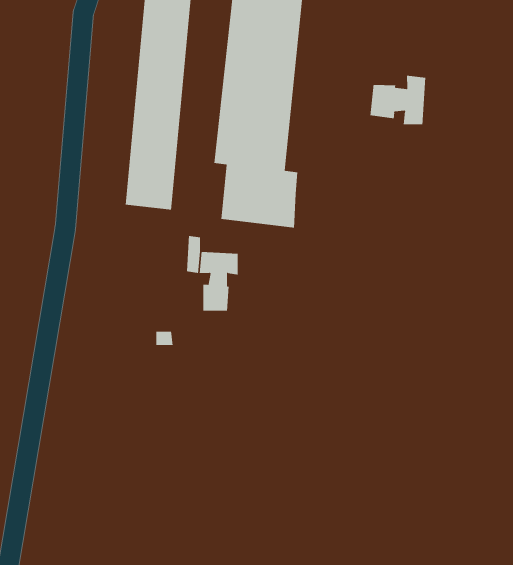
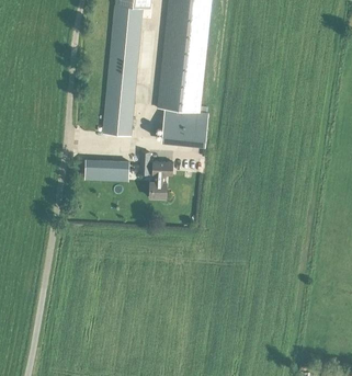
building: [370,75,426,125] -> none
building: none -> [83,159,128,179]

